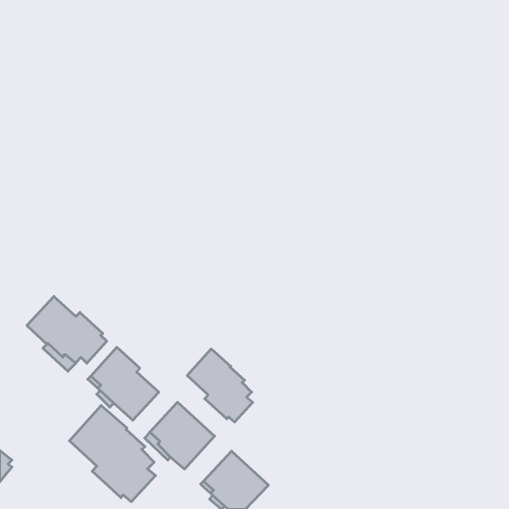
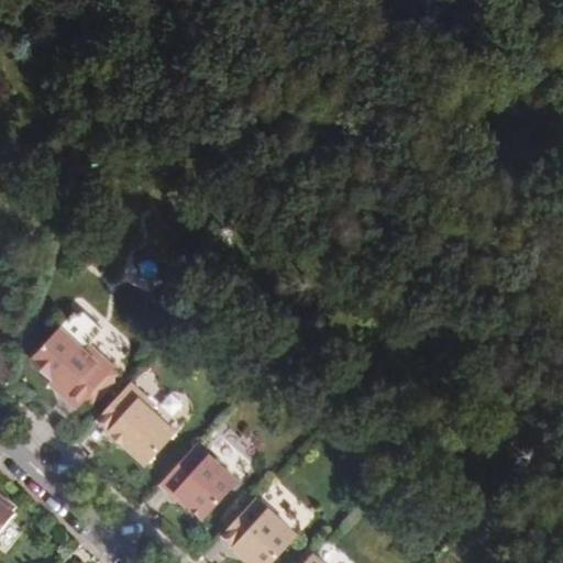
building: [187,349,253,422] -> none
building: [69,405,156,502] -> none

